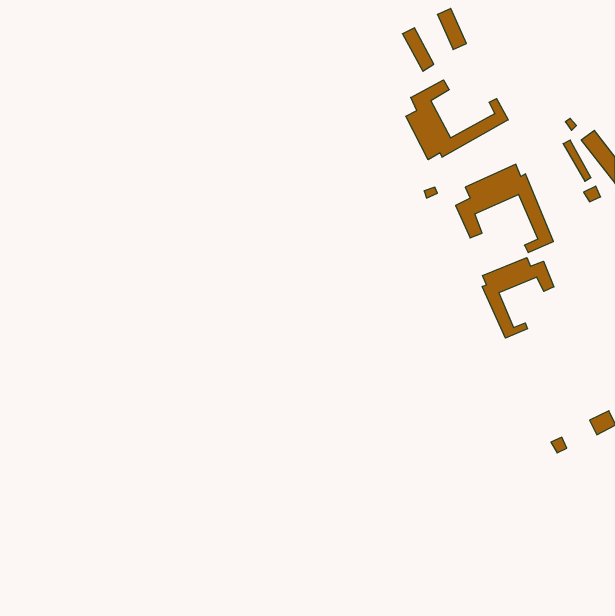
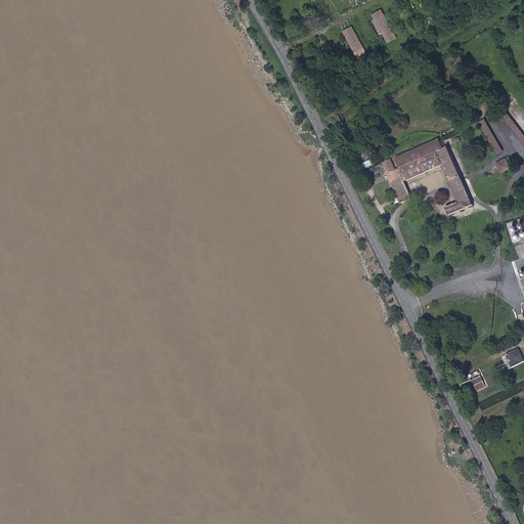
building: [406,80,508,160] -> none
building: [482,258,554,338] -> none

